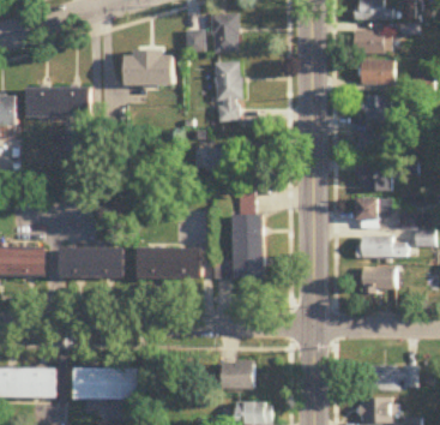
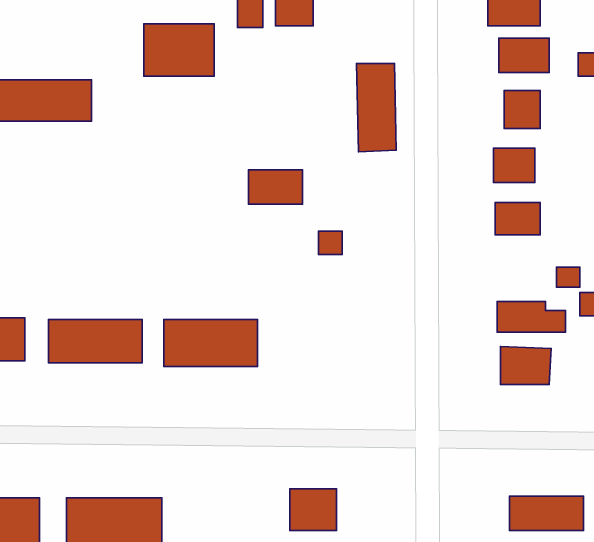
building: [215,62,241,121] -> [357,64,396,152]
building: [354,198,390,219] -> none
building: [233,212,263,279] -> none

